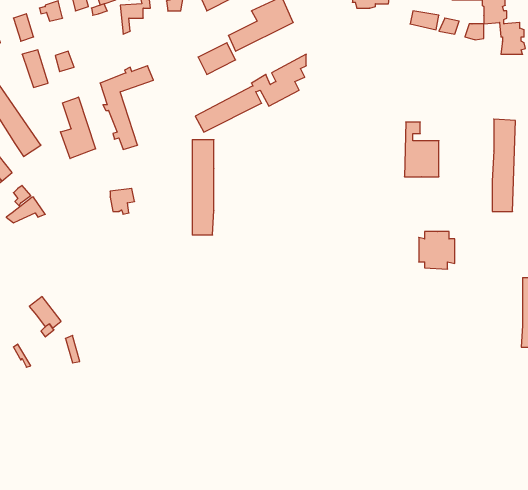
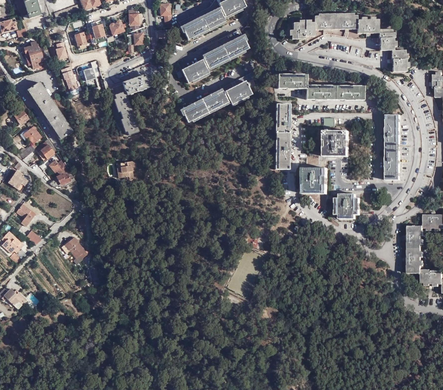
building: none -> [277,73,363,99]
building: [60,97,96,159] -> none
building: [192,140,214,235] -> [275,102,290,168]
building: none -> [304,167,326,193]

